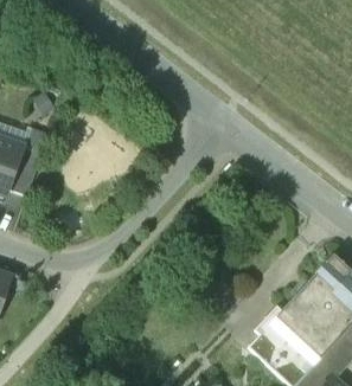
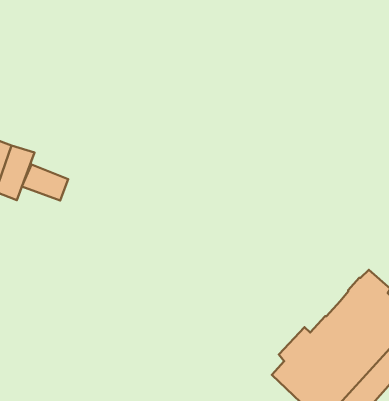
building: none -> [22,165,68,201]

